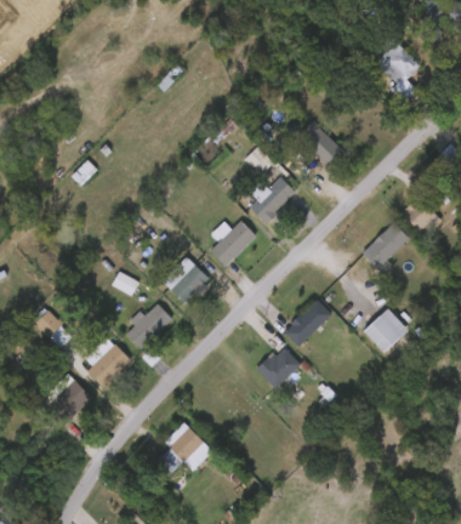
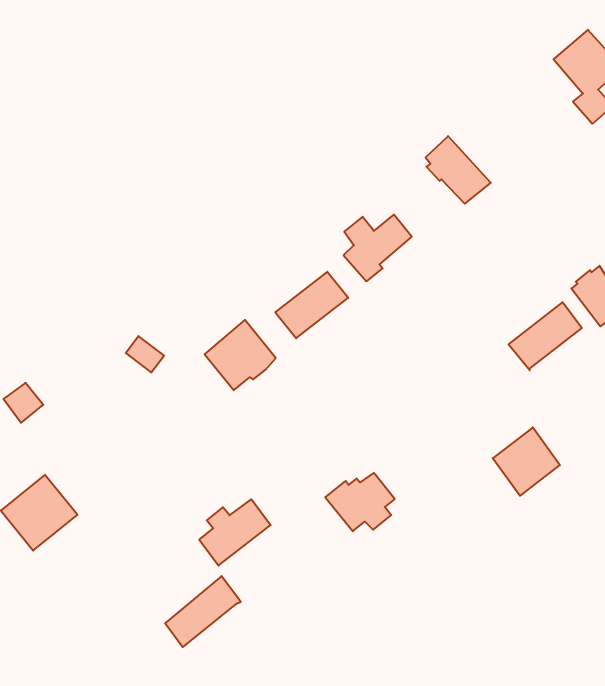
building: [285,300,332,347] -> none
building: [129,304,175,351] -> [199,499,271,566]
building: [87,338,133,391] -> none

